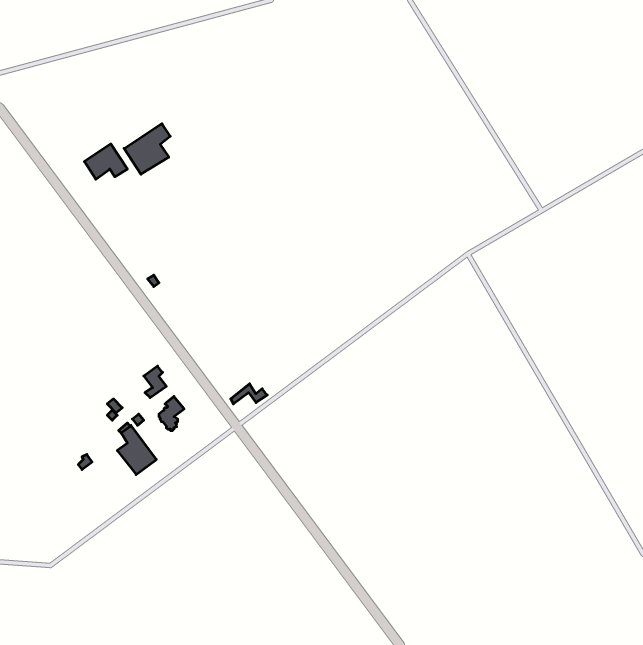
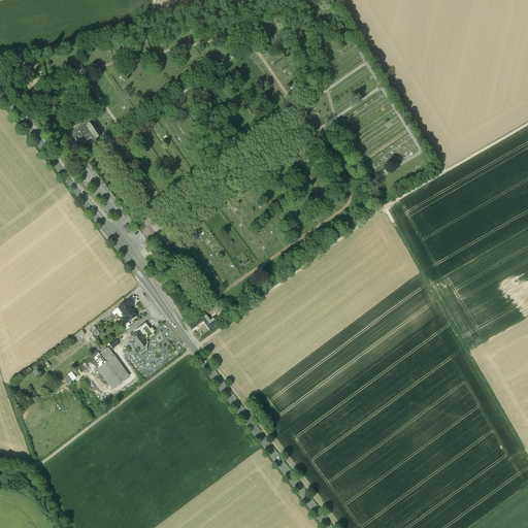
building: [124,124,170,174] -> none

